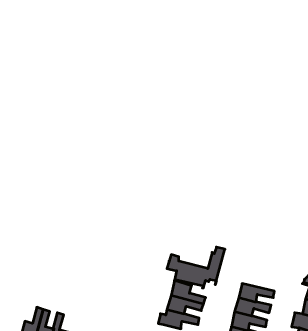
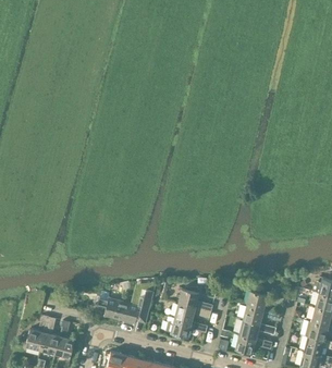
building: [167,247,225,288] -> [97,284,156,326]

